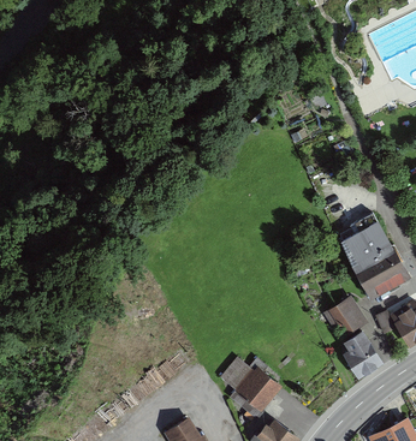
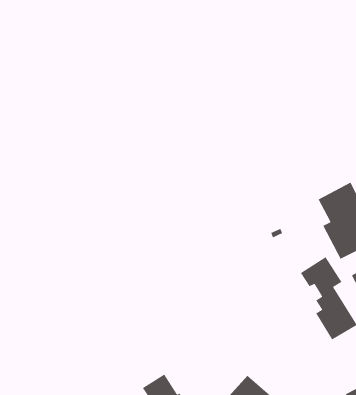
building: [221,358,279,417] -> none

